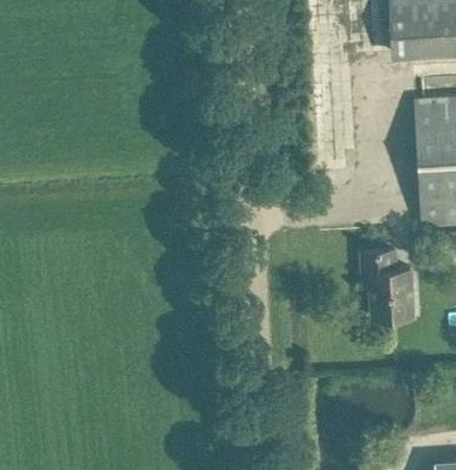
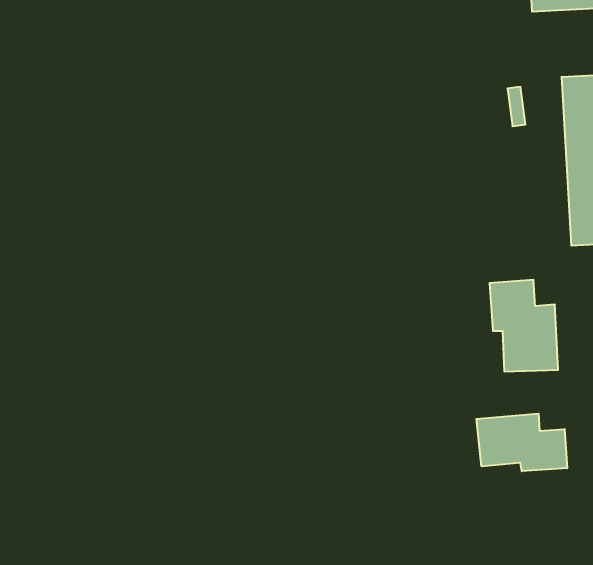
building: none -> [476,414,567,471]

